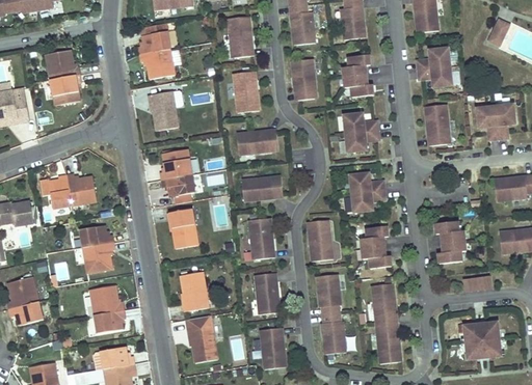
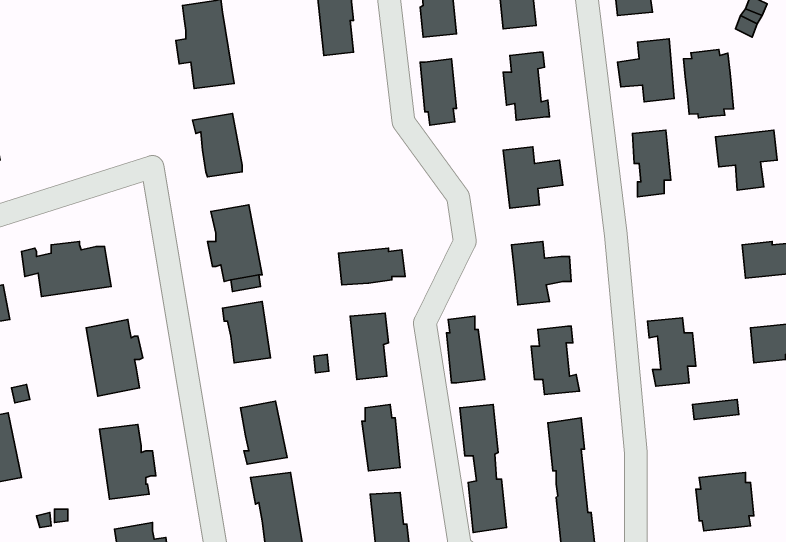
building: [46,50,83,98] -> none
building: none -> [683,50,734,118]
building: [233,71,258,111] -> none
building: [235,130,276,153] -> none

